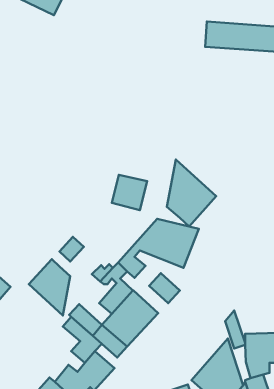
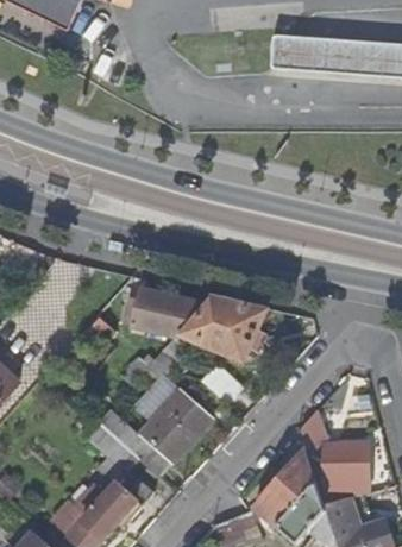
building: [167,160,216,227] -> none
building: [112,175,147,210] -> [127,288,174,334]
building: [29,259,70,316] -> none

